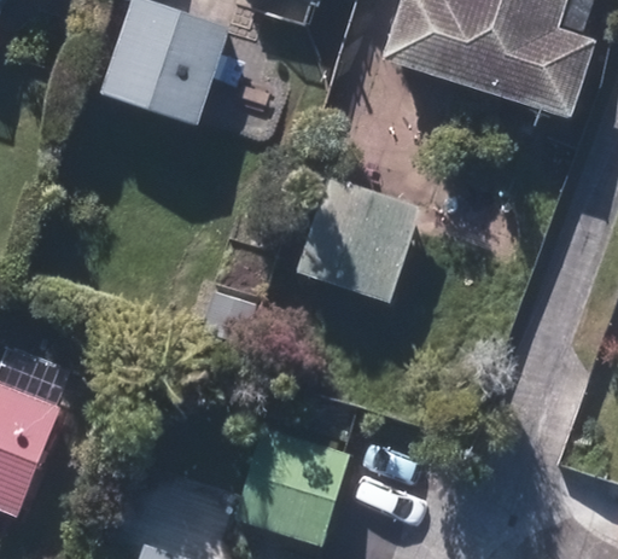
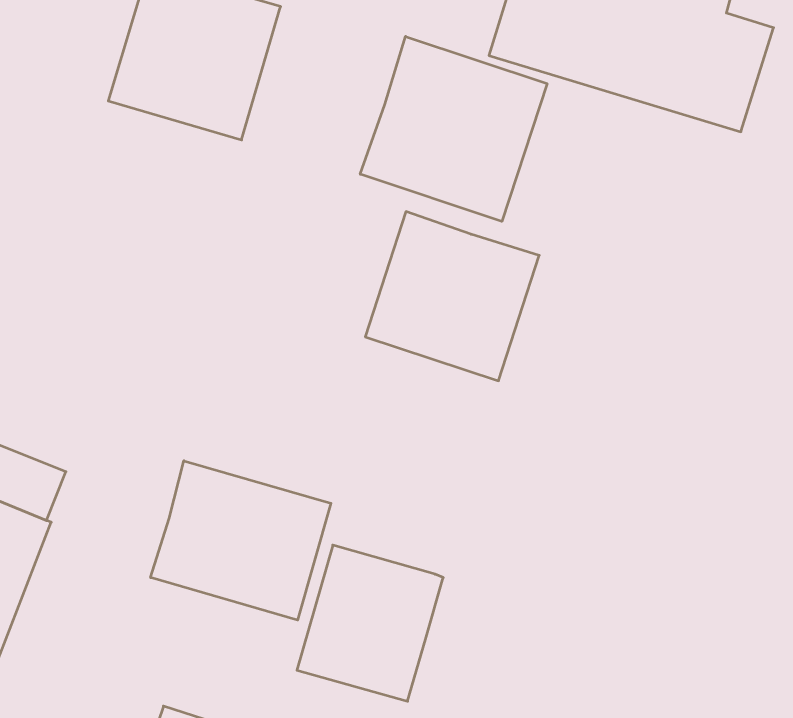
building: none -> [360,36,547,221]
building: none -> [151,461,331,620]

